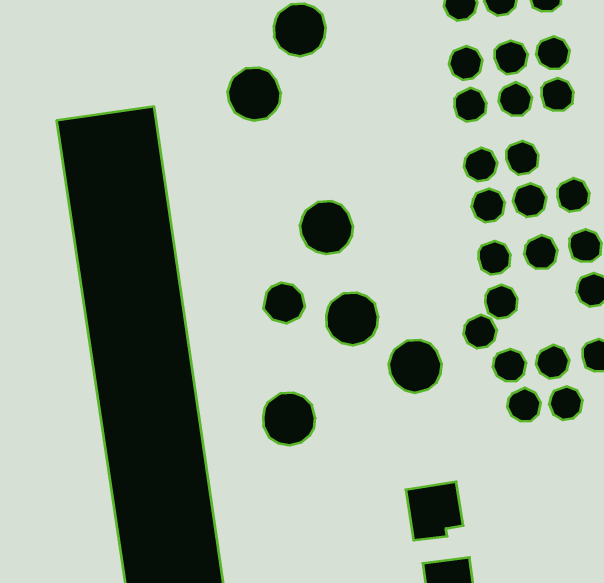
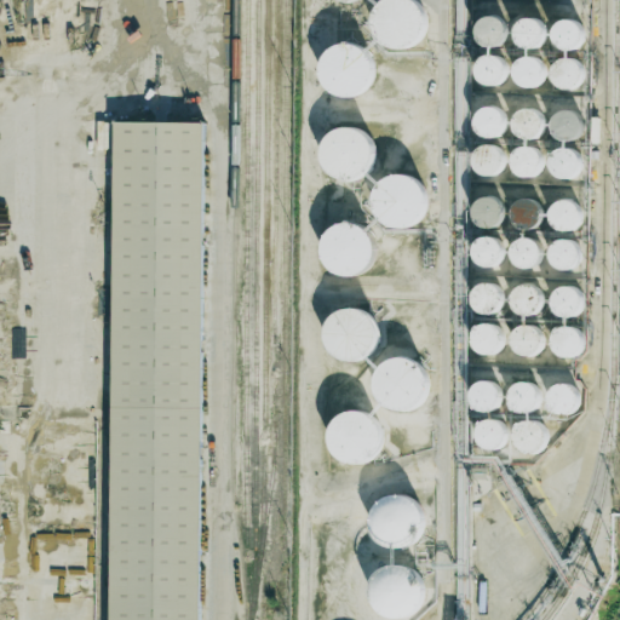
building: [227,68,281,120] -> [322,133,369,180]
building: none -> [549,202,579,231]
building: none -> [371,177,419,224]
building: [264,283,305,323] -> none
building: [463,315,497,348] -> [510,326,540,355]
building: [263,393,315,445] -> [326,417,373,464]

